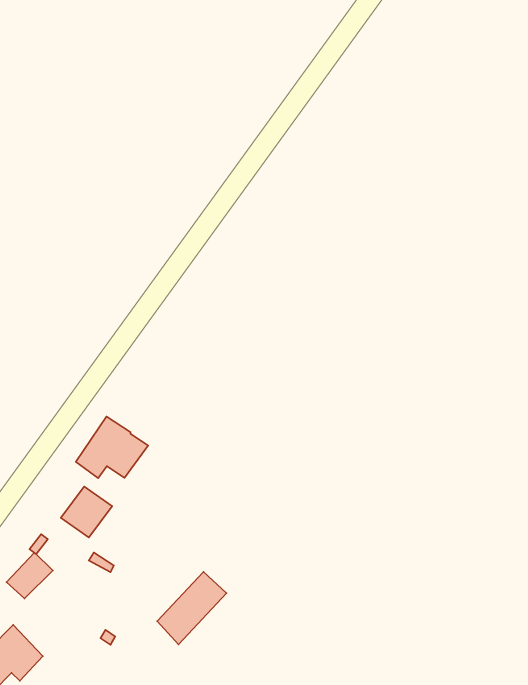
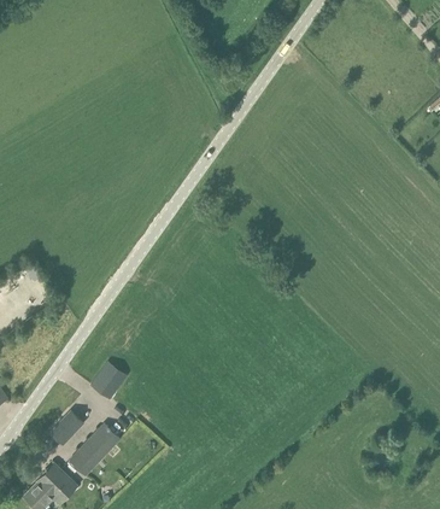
building: [76,416,148,478] -> none
building: [157,572,226,644] -> [70,422,121,475]

